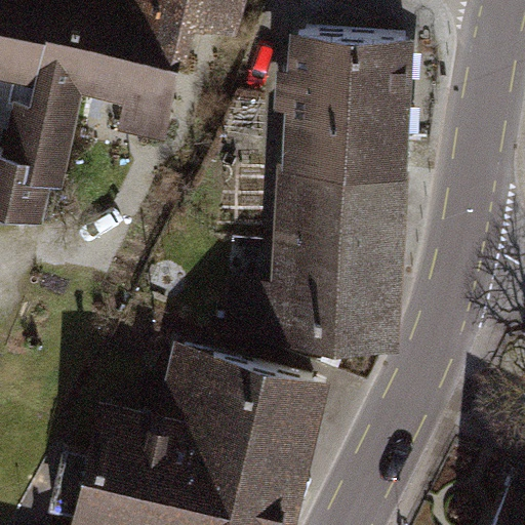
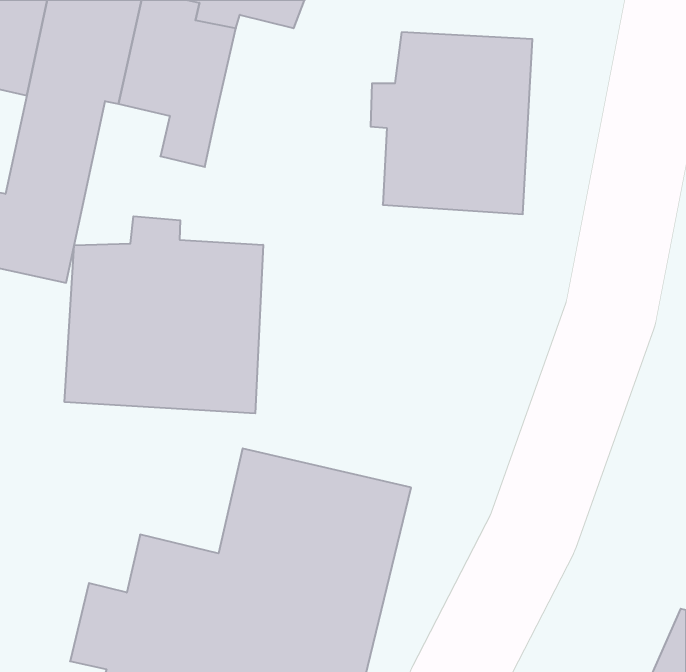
building: [233,168,398,347] -> none
building: none -> [65,216,263,413]

